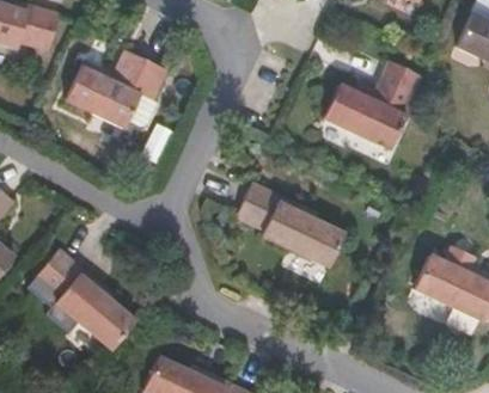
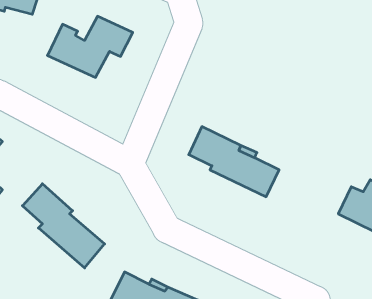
building: [323,61,422,149] -> none

